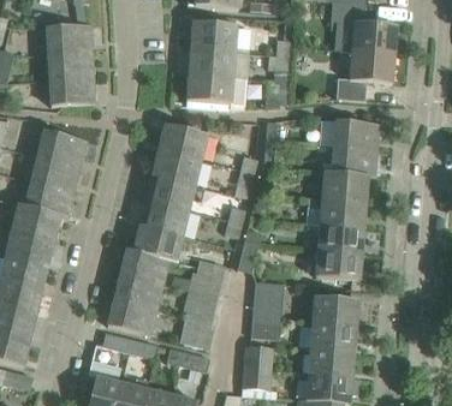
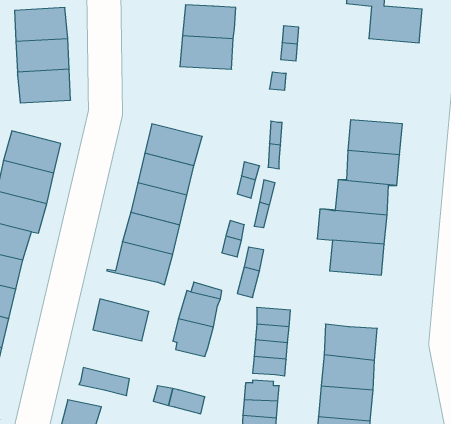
building: [335,50,393,101] -> none
building: [185,74,232,103] -> none
building: [119,250,168,285] -> none
building: [315,250,361,280] -> none
building: [107,300,155,335] -> none
building: [178,317,213,350] -> none

